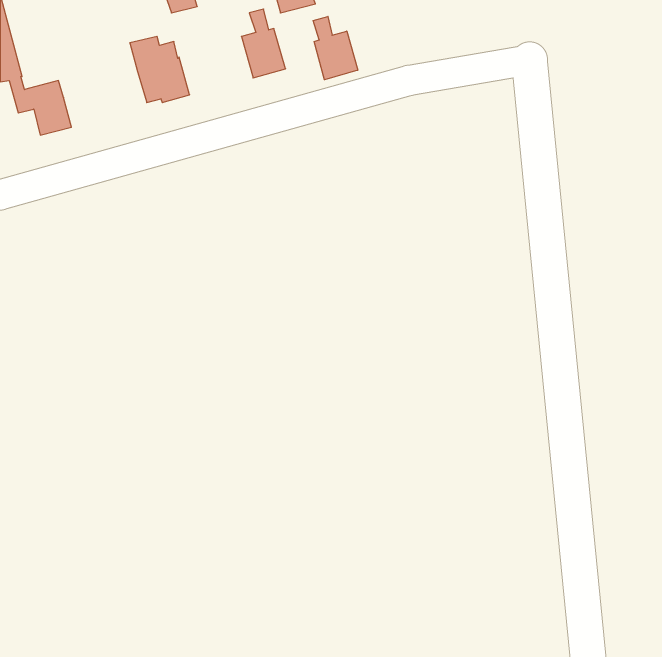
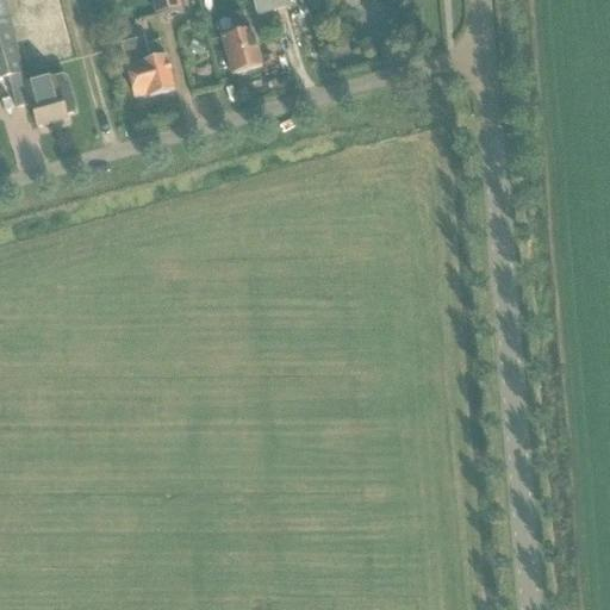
building: [313,16,358,80] -> none

